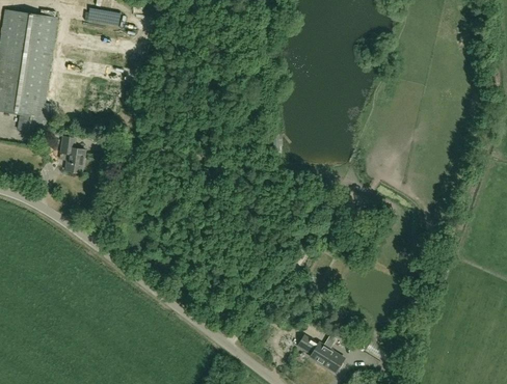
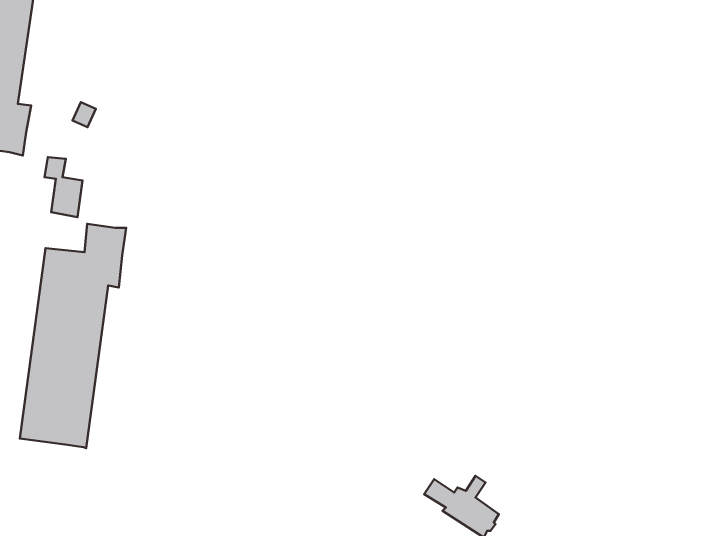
building: none -> [20,224,126,448]

